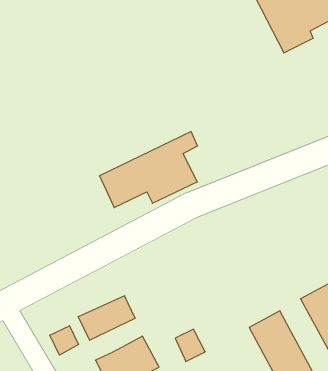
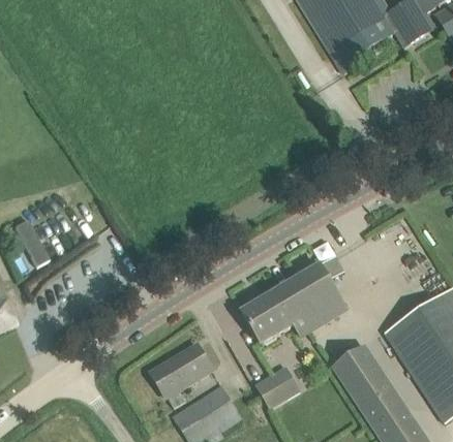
building: [99,132,198,208] -> [241,255,345,343]
building: [50,326,79,355] -> none

